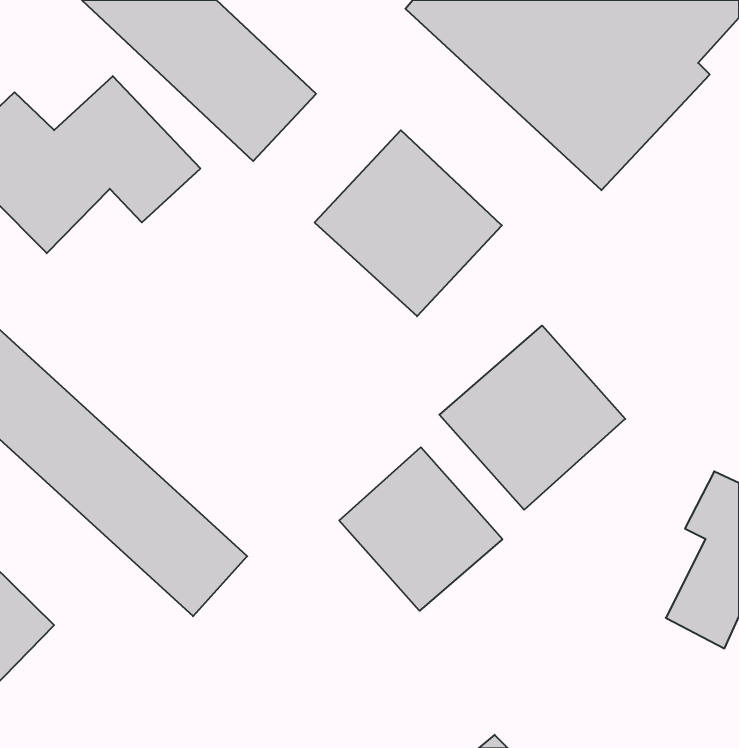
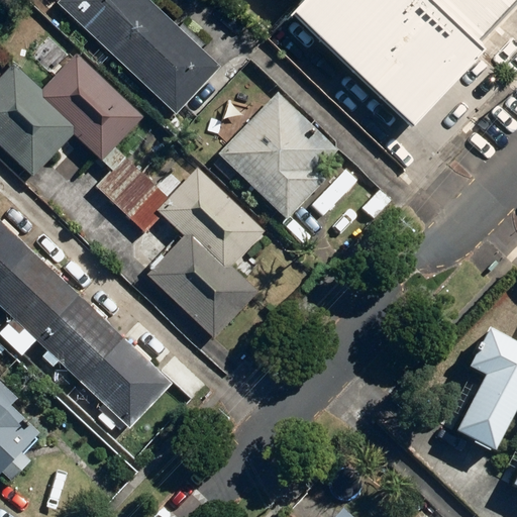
building: none -> [96,145,262,337]
building: [439,326,625,510] -> none
building: [339,447,502,611] -> none

